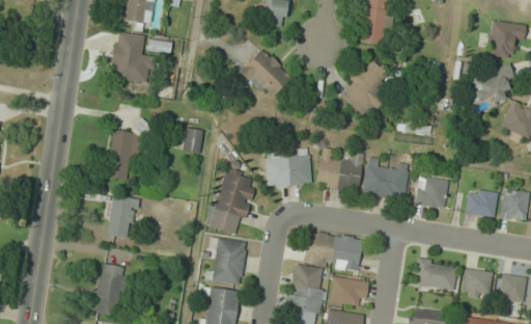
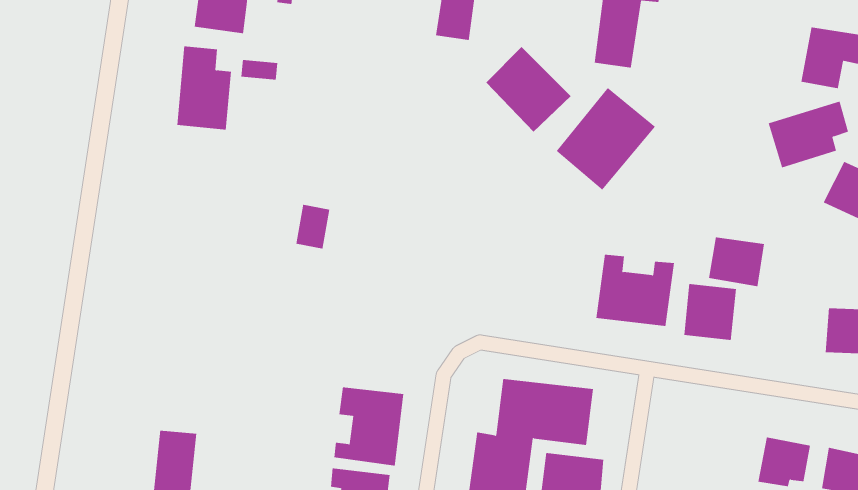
building: [241,47,292,99] -> [485,46,572,132]
building: [106,120,147,180] -> none
building: [316,146,364,192] -> none
building: [266,147,312,187] -> none
building: [208,166,254,235] -> none
building: [465,188,499,218] -> [708,237,765,287]
building: [108,194,135,238] -> none
building: [414,259,457,290] -> none

